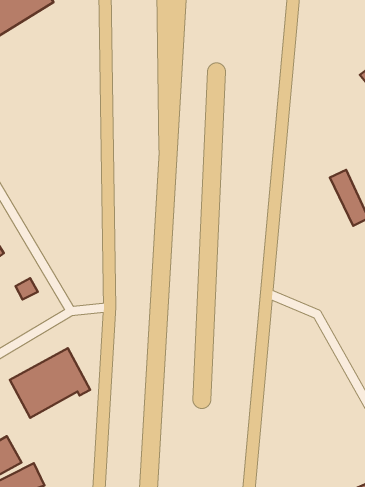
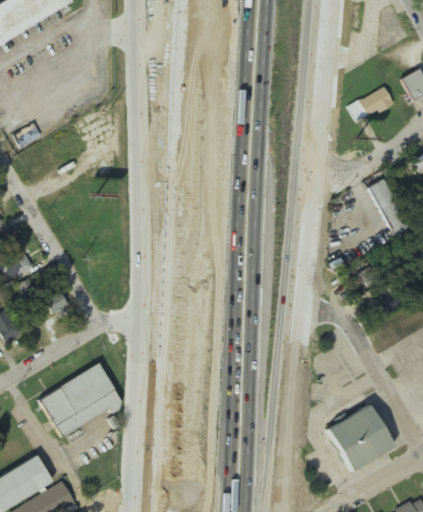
building: none -> [349,89,394,120]
building: none -> [326,404,392,469]

